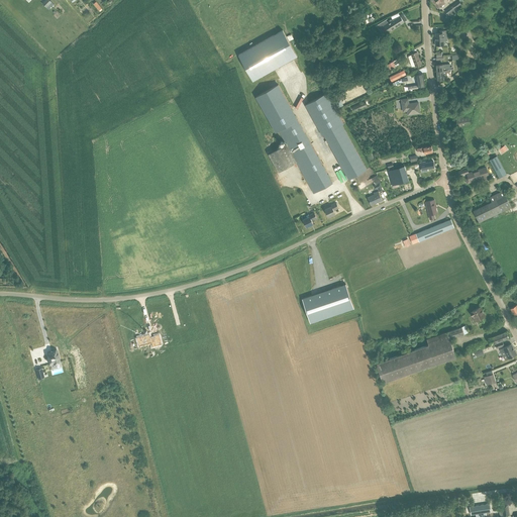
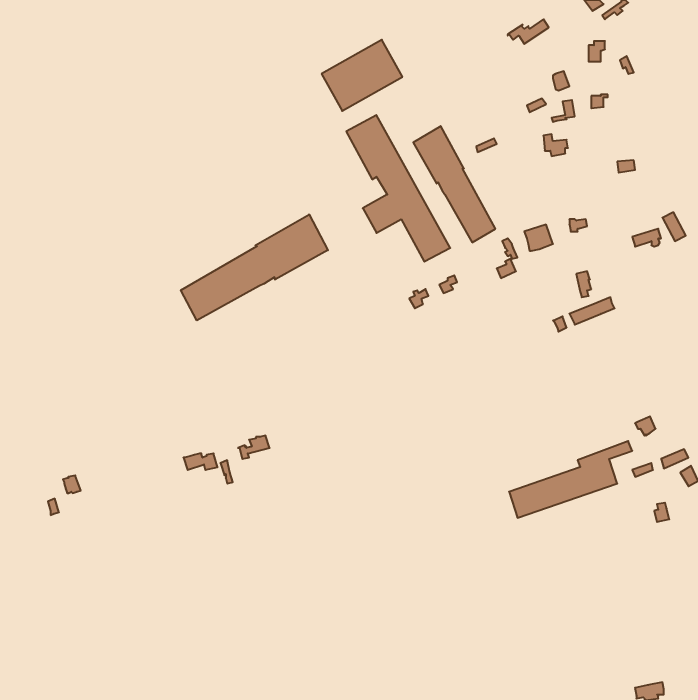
building: none -> [181,214,328,320]
building: [473,191,510,222] -> none
building: [302,284,353,322] -> none

